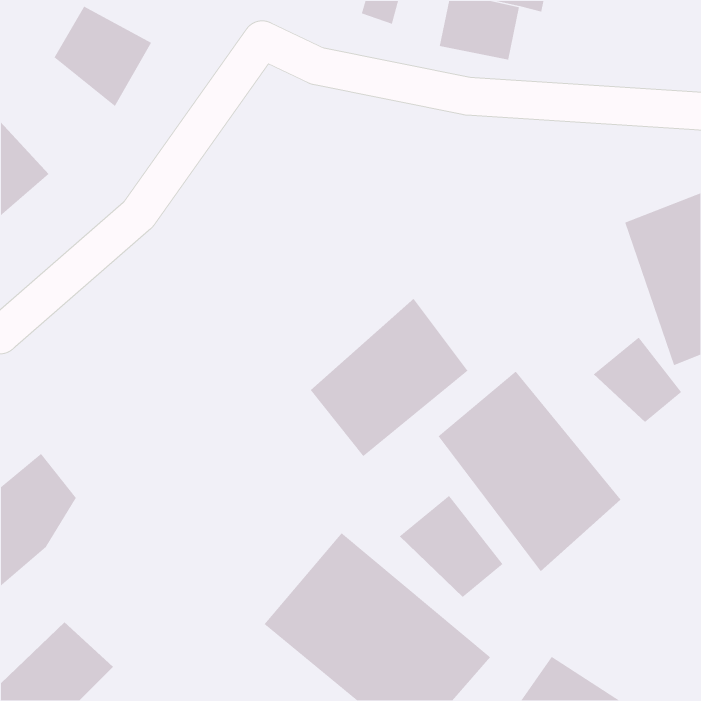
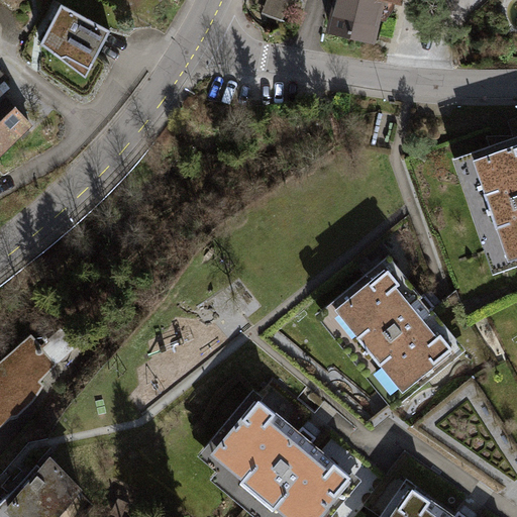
building: [310,298,469,457] -> none
building: [593,337,682,423] -> none
building: [399,495,504,598] -> none

